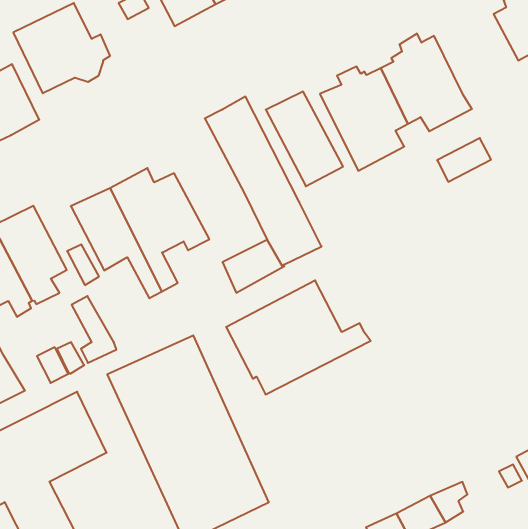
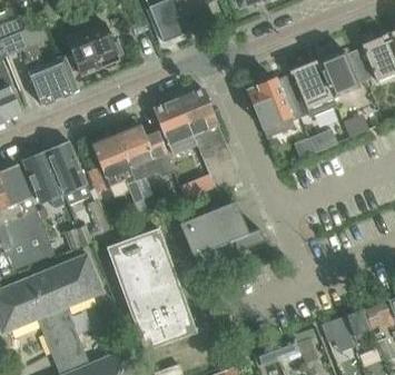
building: none -> [318,47,367,98]
building: [266,92,343,186] -> [154,99,197,156]

